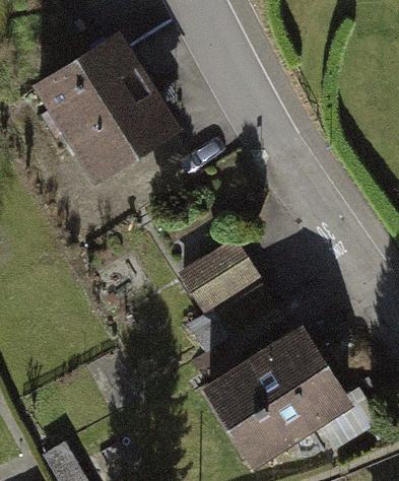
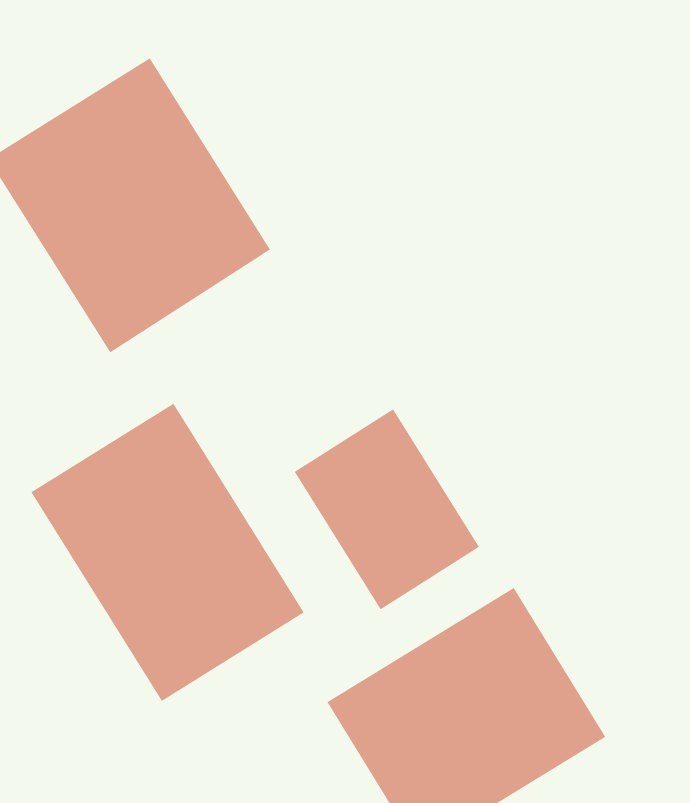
building: none -> [31,403,305,702]

